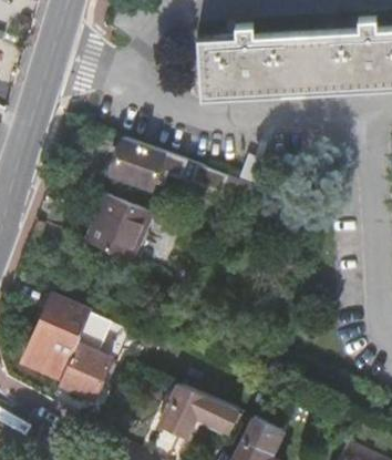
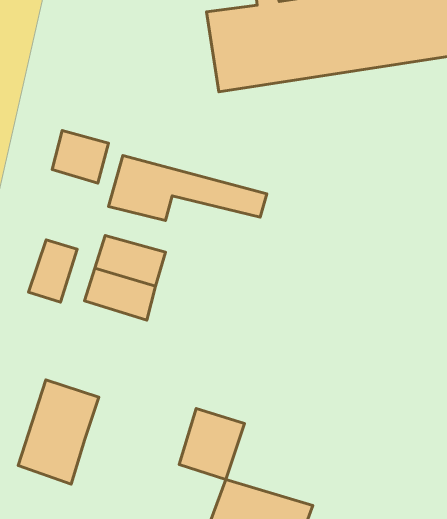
building: none -> [52,131,109,183]
building: none -> [29,240,77,302]
building: [60,345,111,399] -> [179,409,244,479]

